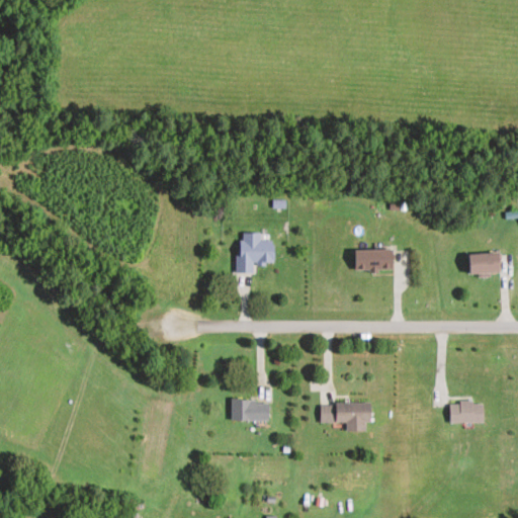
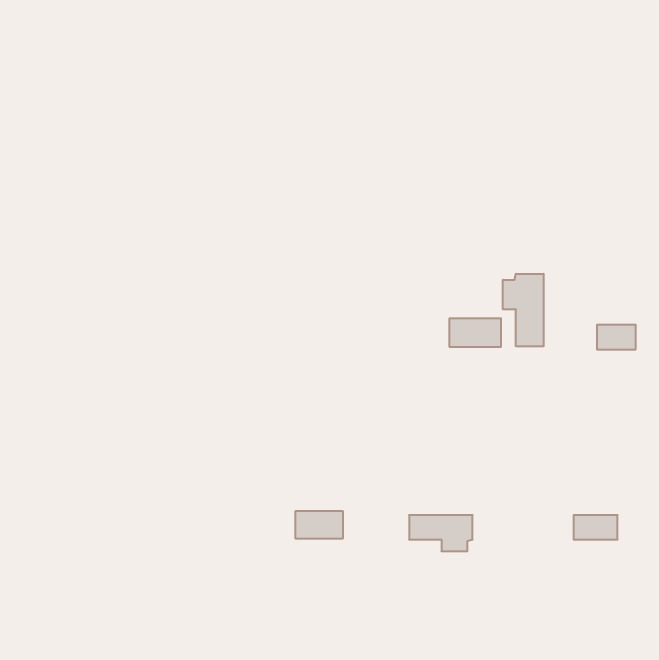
building: none -> [503,274,544,346]
building: [239,233,275,273] -> none

